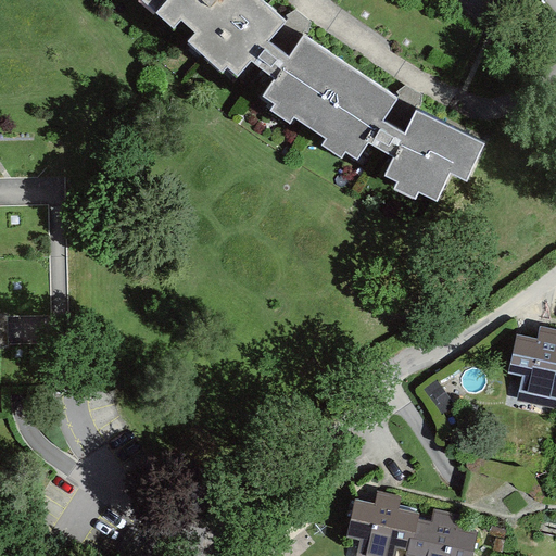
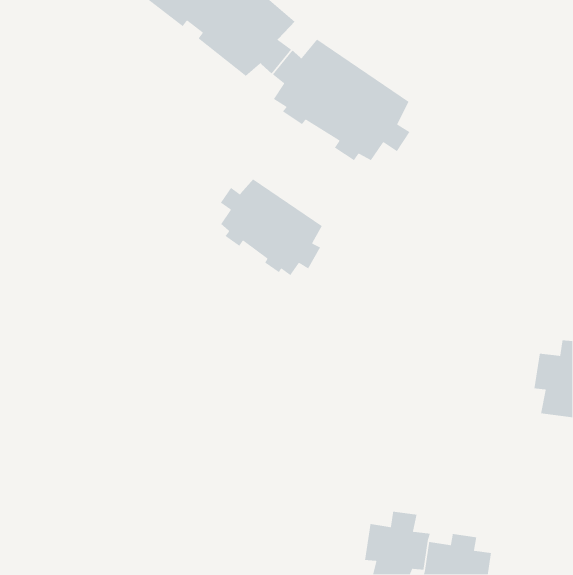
building: [382,112,482,201] -> none
building: none -> [220,178,323,276]

